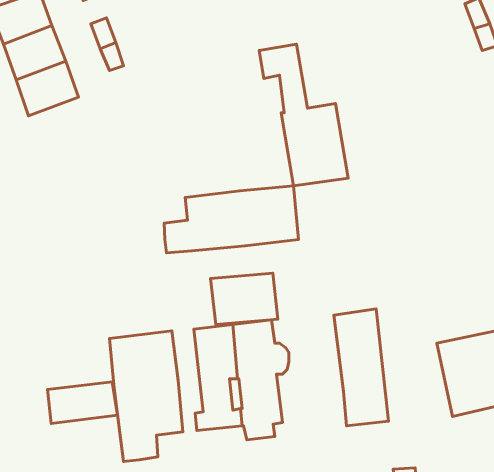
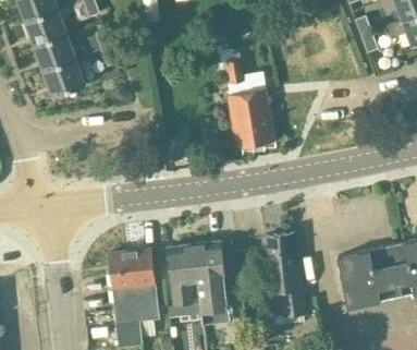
building: [164,186,298,253] -> none
building: [211,273,278,325] -> none
building: [48,382,118,423] -> none

